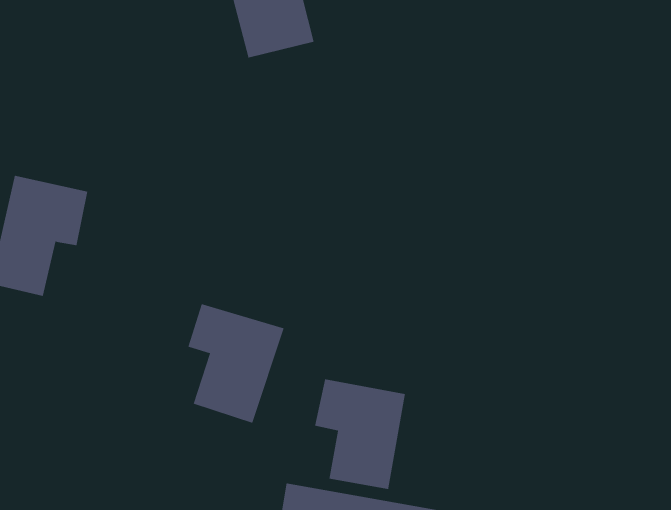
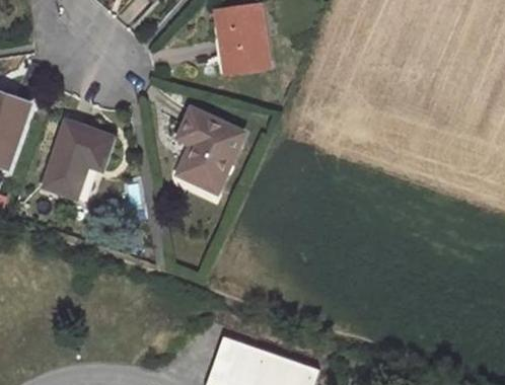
building: [187,303,284,423] -> [176,106,240,186]
building: [315,379,405,490] -> none

